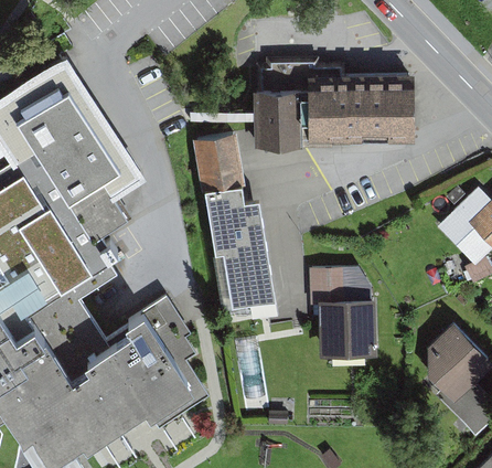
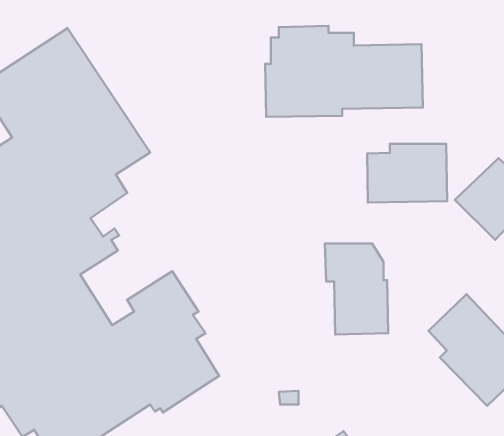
building: [200,138,271,311] -> none
building: none -> [367,144,447,203]

